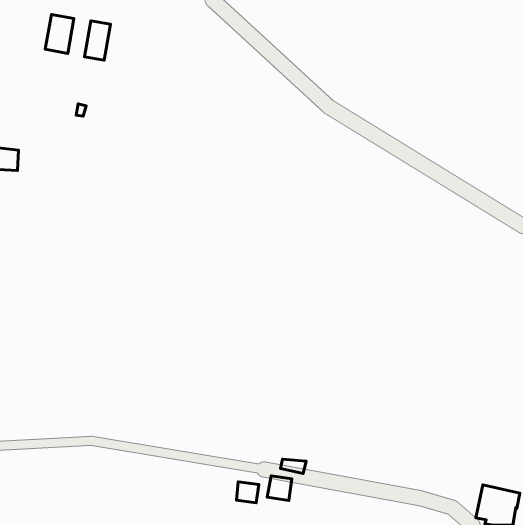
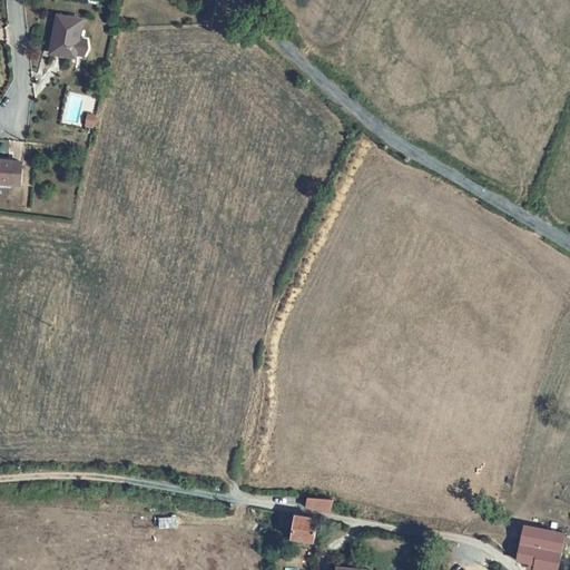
building: [85,21,111,60] -> none
building: [236,482,259,503] -> none

